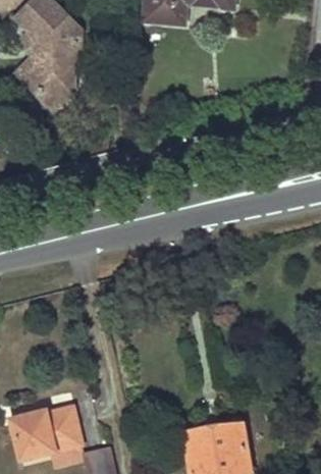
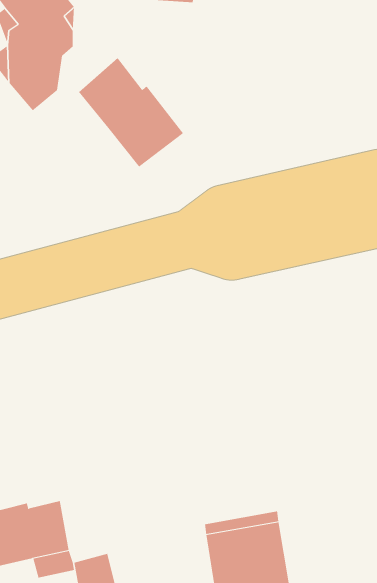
building: none -> [78,57,184,167]

